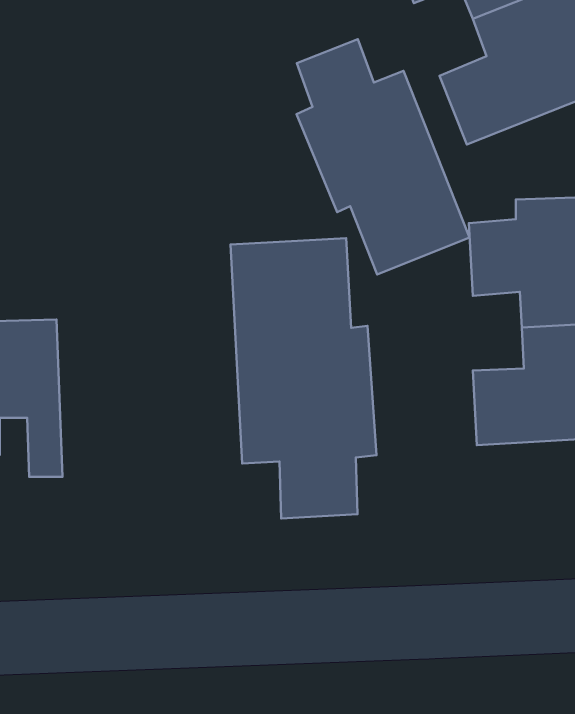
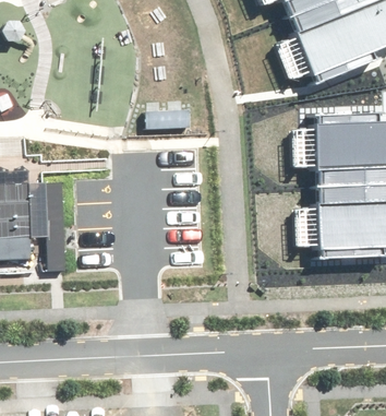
building: [297,39,470,274] -> none
building: [230,238,377,518] -> none

